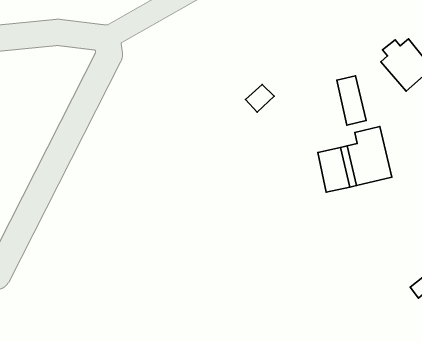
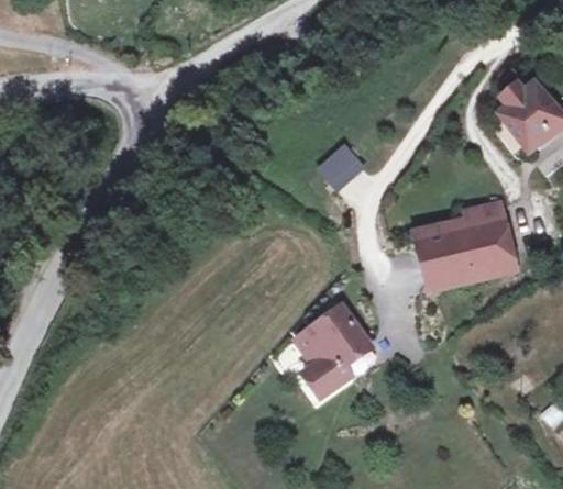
building: [337,76,366,125] -> none
building: none -> [291,305,364,397]

